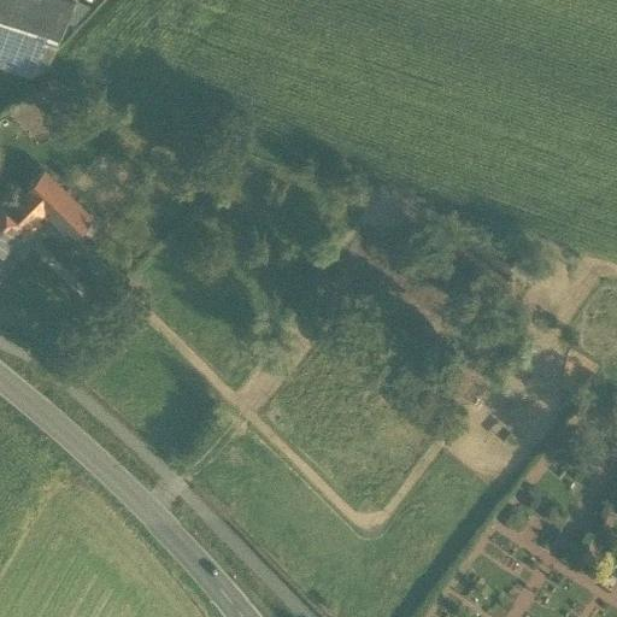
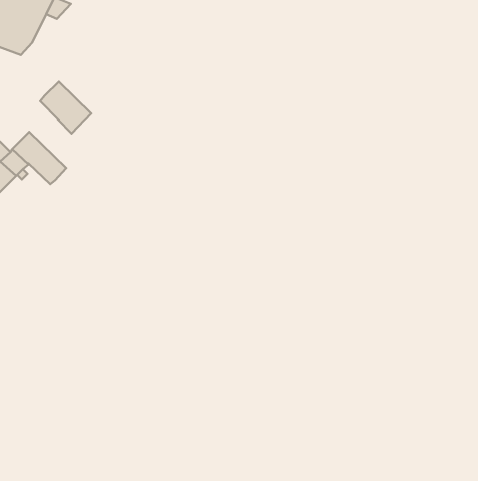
building: none -> [40,81,91,134]

